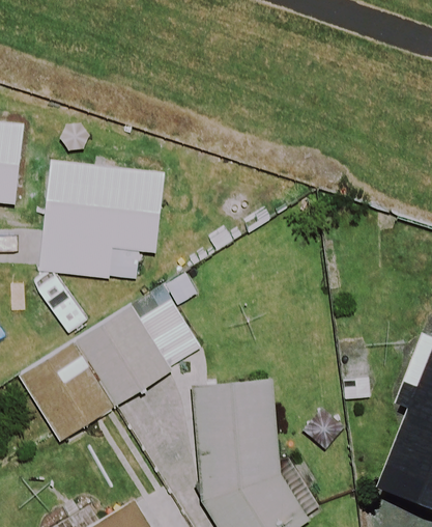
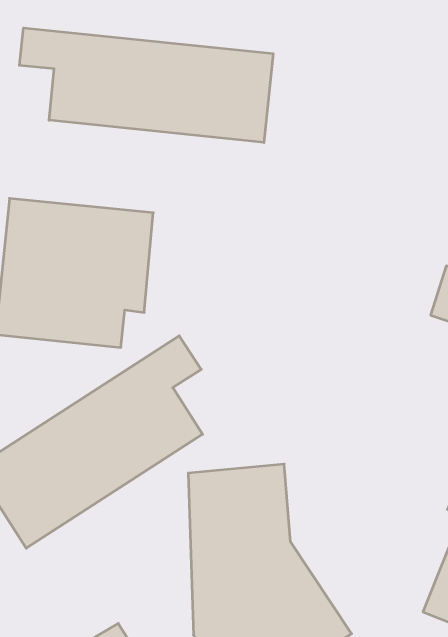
building: none -> [19,28,273,143]

